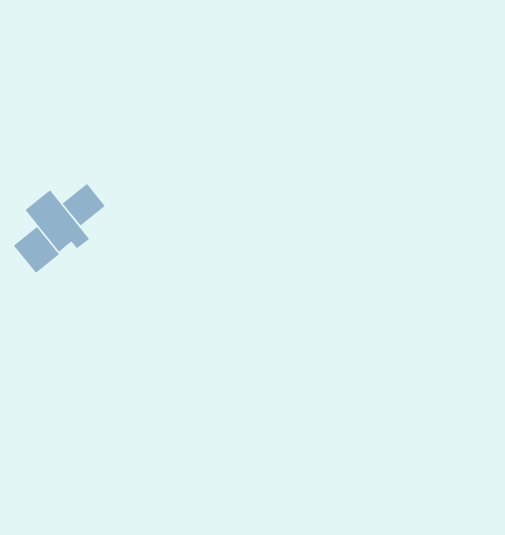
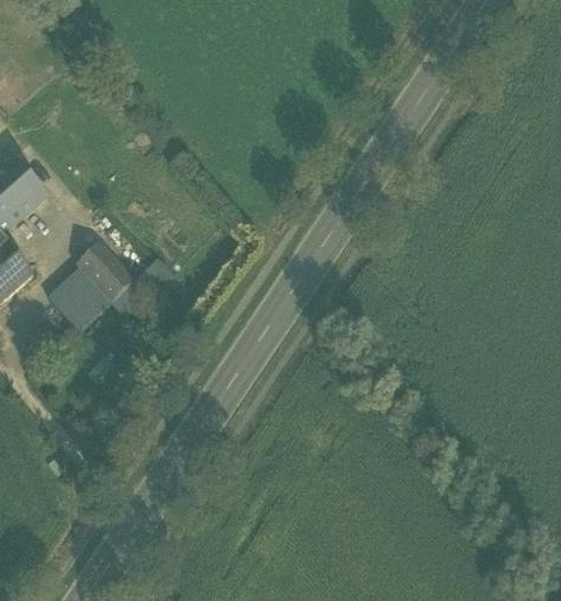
building: [62,183,106,227] -> none

